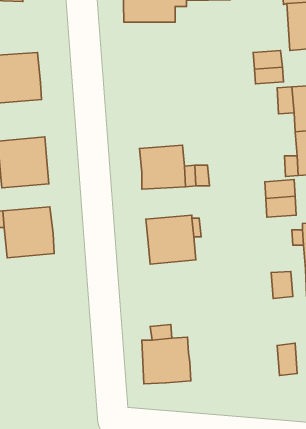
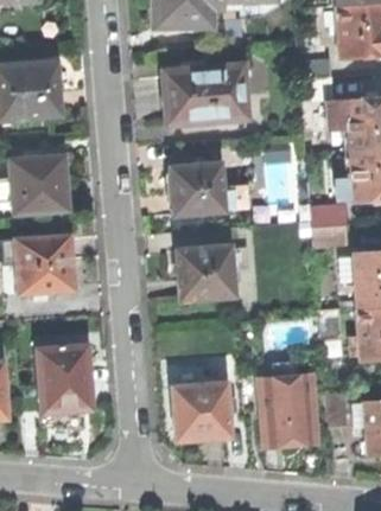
building: none -> [164,65,247,123]
building: none -> [37,347,91,410]
building: none -> [260,373,318,445]

